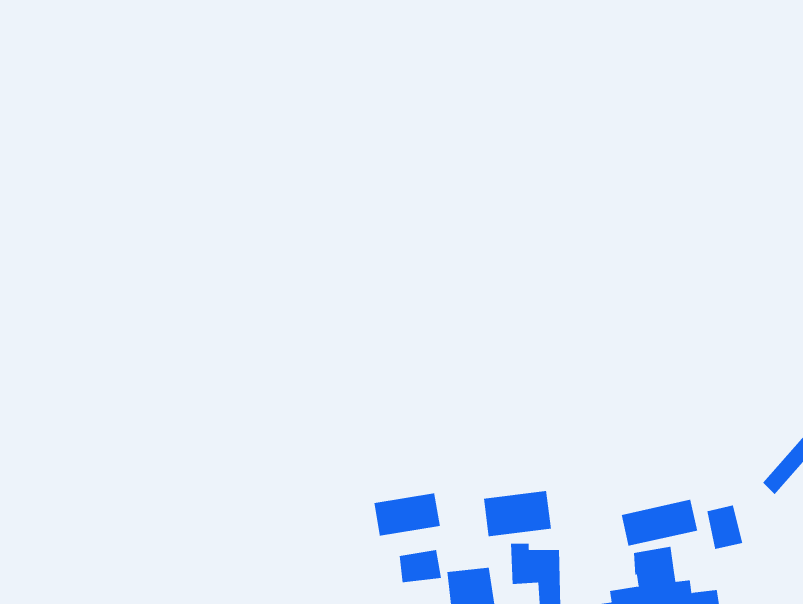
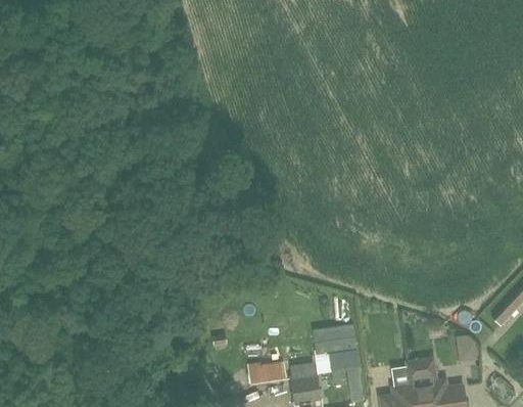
building: [374,492,440,537] -> none
building: [621,499,698,546] -> none

